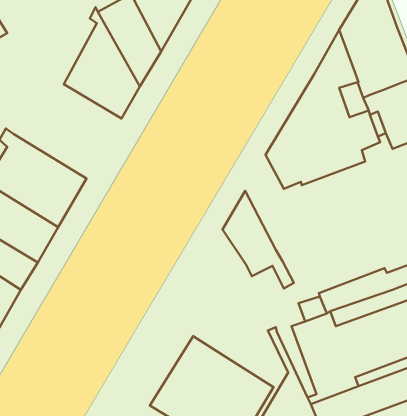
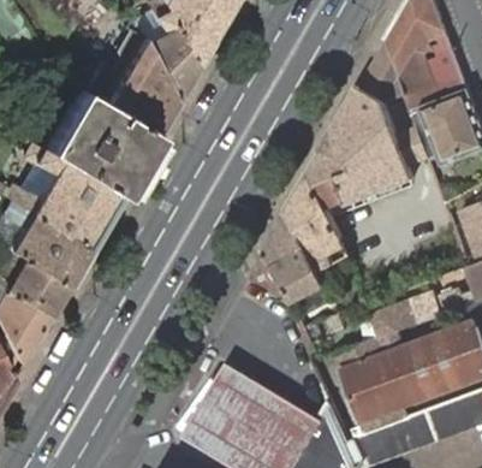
building: none -> [41,90,155,200]
building: none -> [286,174,351,276]

